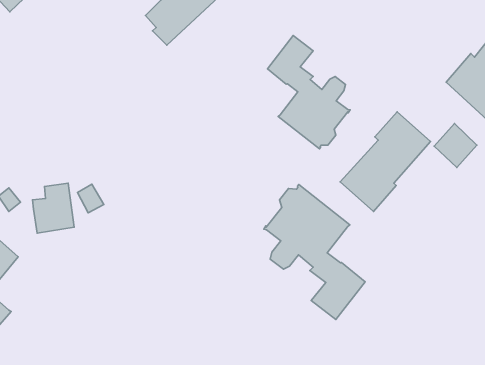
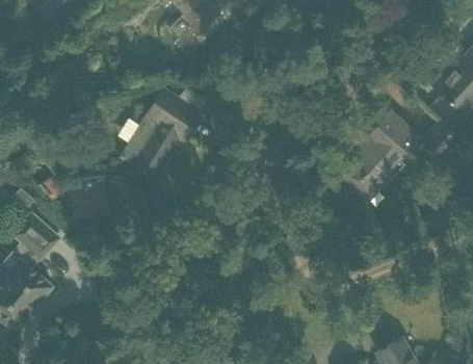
building: [267,36,350,149] -> none
building: none -> [121,83,202,176]
building: [264,185,365,320] -> none

